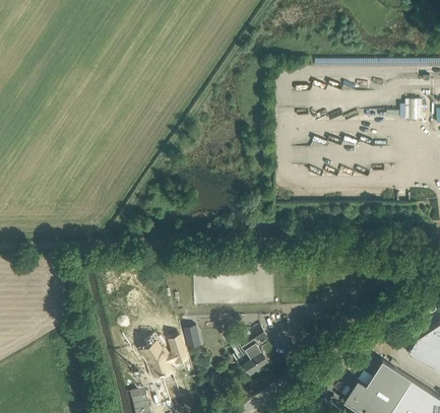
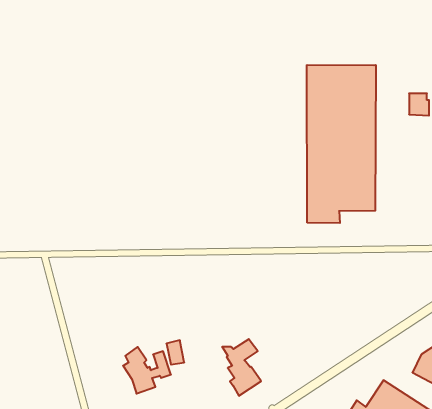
building: none -> [307,65,376,223]

